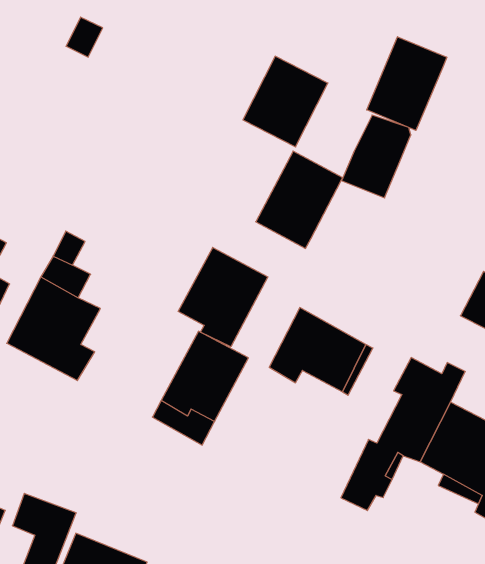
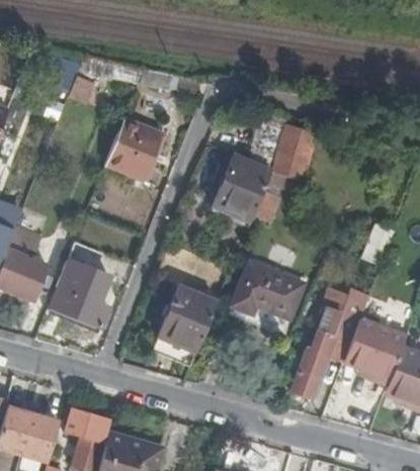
building: [367,37,447,130] -> none
building: [243,56,328,147] -> [105,117,162,179]
building: [178,247,268,347] -> none

